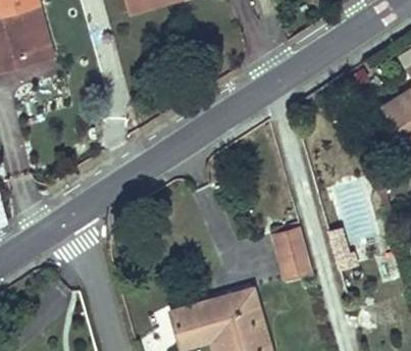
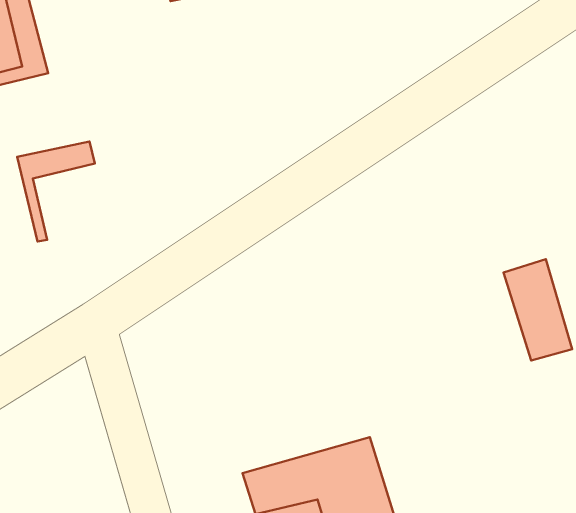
building: none -> [17,142,95,241]
building: [272,225,313,277] -> none

